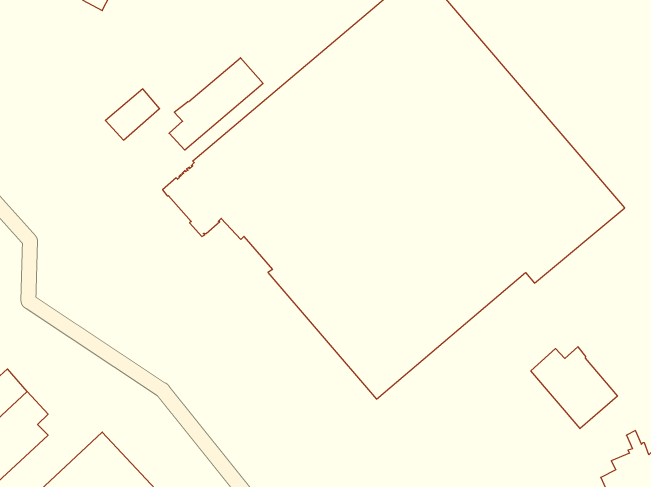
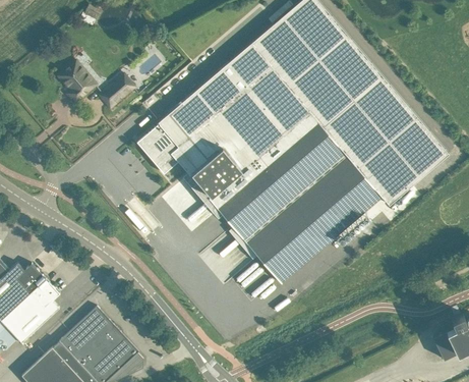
building: [169,58,263,150] -> none
building: none -> [56,61,96,104]
building: [531,347,618,429] -> none

